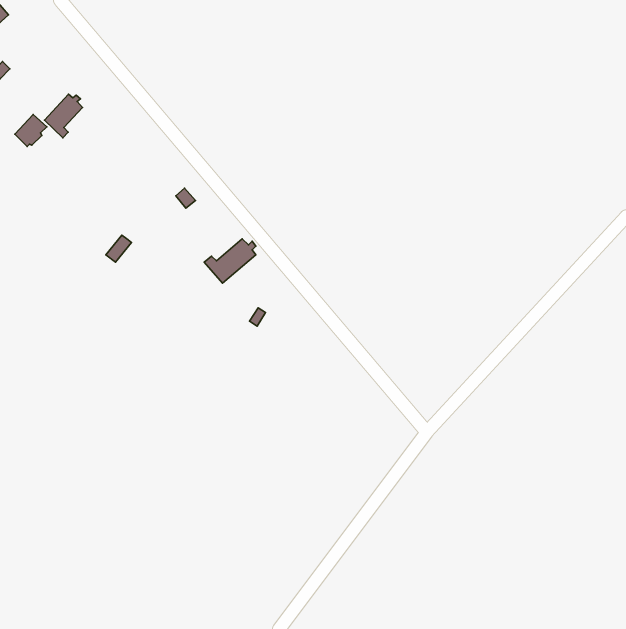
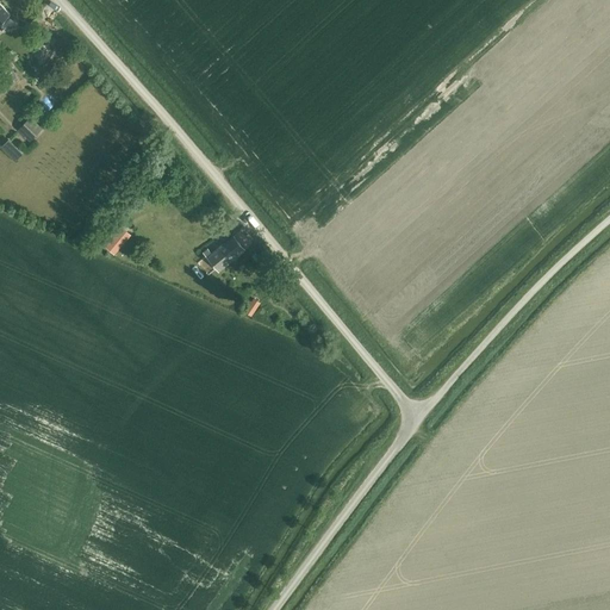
building: [44,94,83,138] -> none

